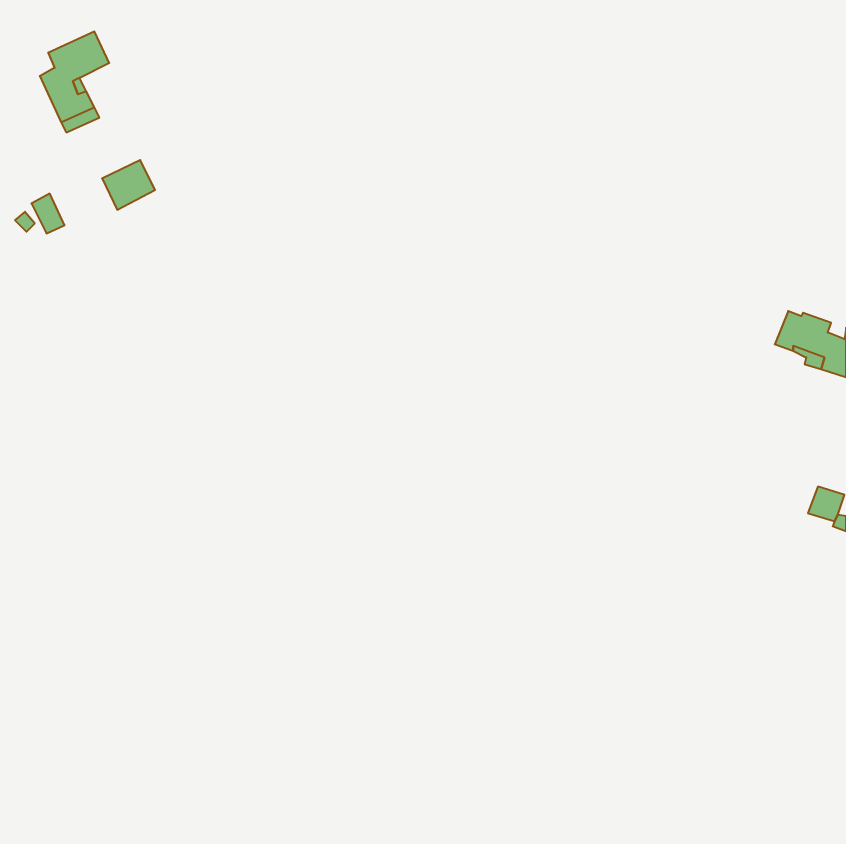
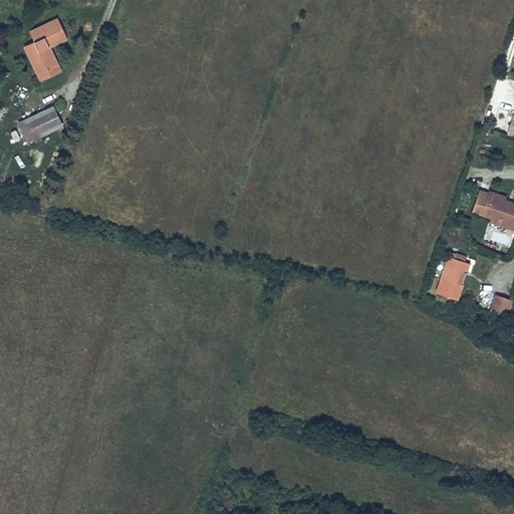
building: [102,160,155,210] -> [30,106,62,137]
building: none -> [436,252,469,300]

